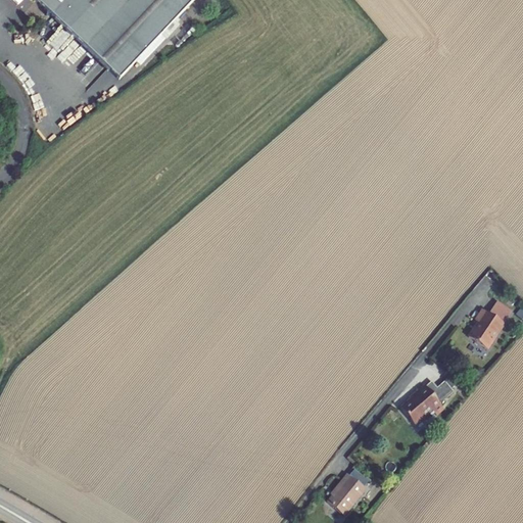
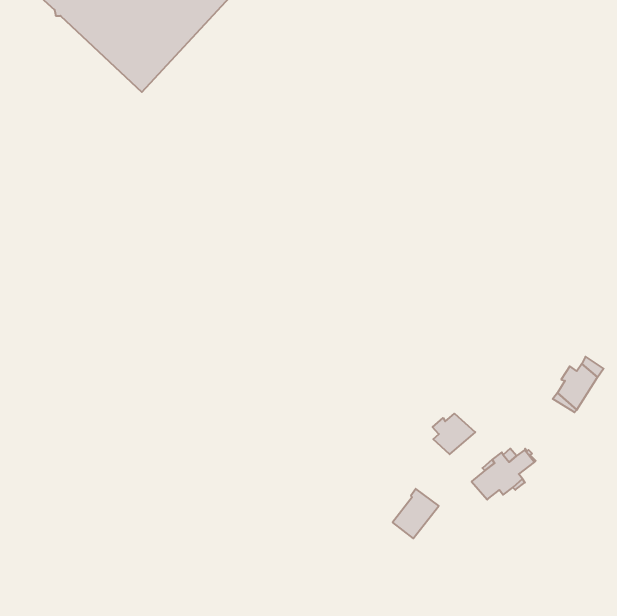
building: none -> [433,414,475,454]
building: [329,470,368,512] -> [393,489,439,538]

